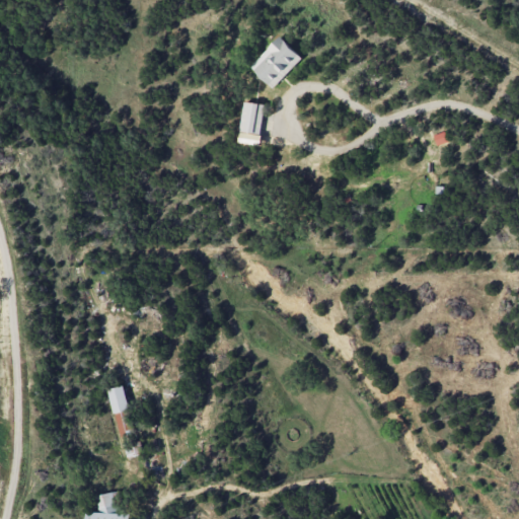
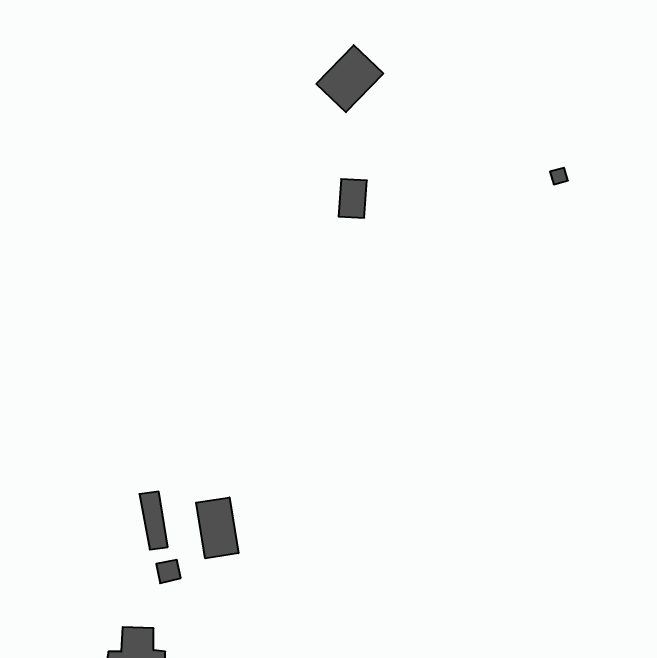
building: [239,103,262,134] -> [339,179,367,218]
building: none -> [196,497,238,558]

